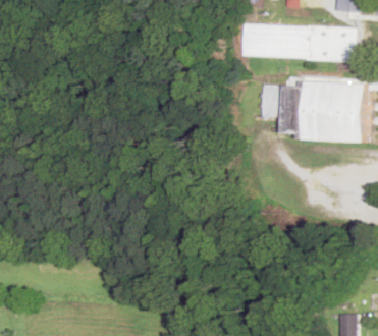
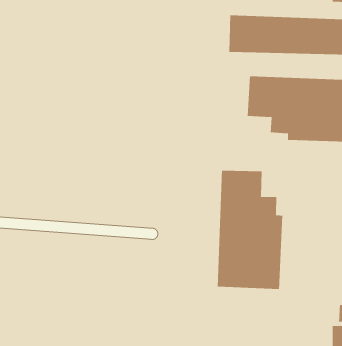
building: none -> [217,170,283,290]

